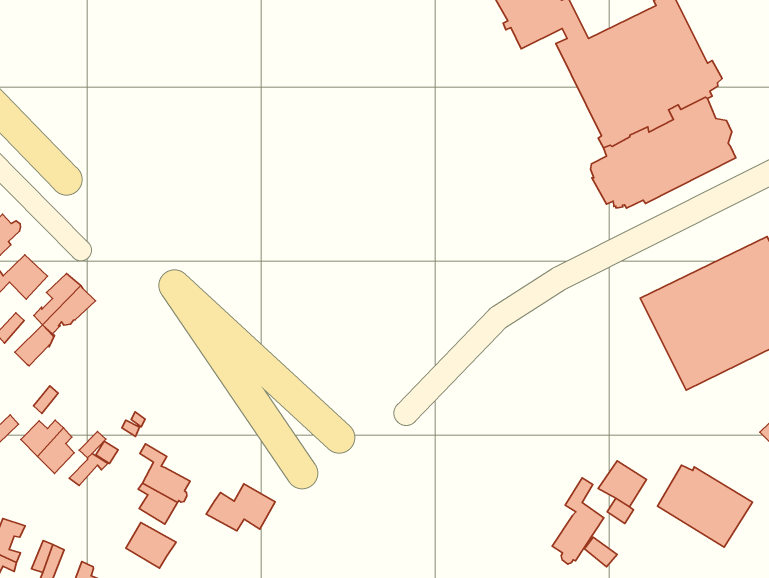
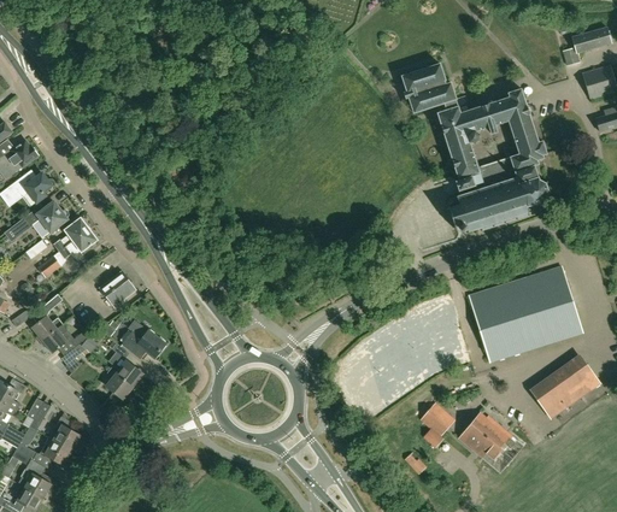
building: none -> [98,270,135,306]
building: [552,478,604,564] -> none
building: [206,484,275,531] -> [121,326,169,359]
building: [126,522,176,568] -> none

